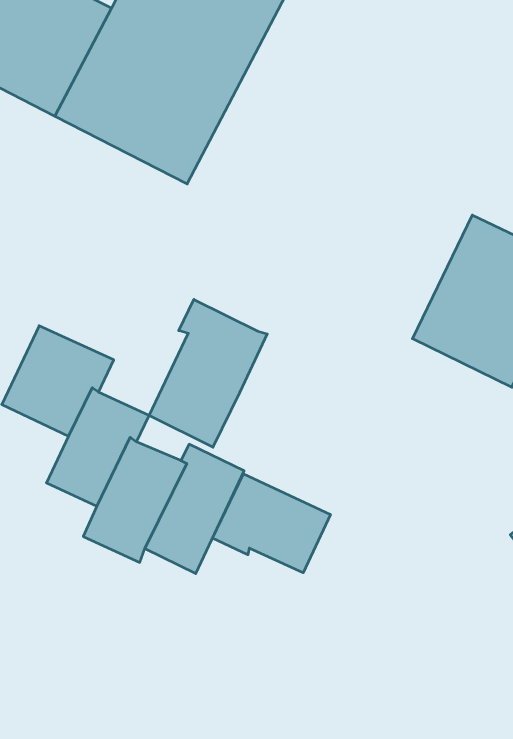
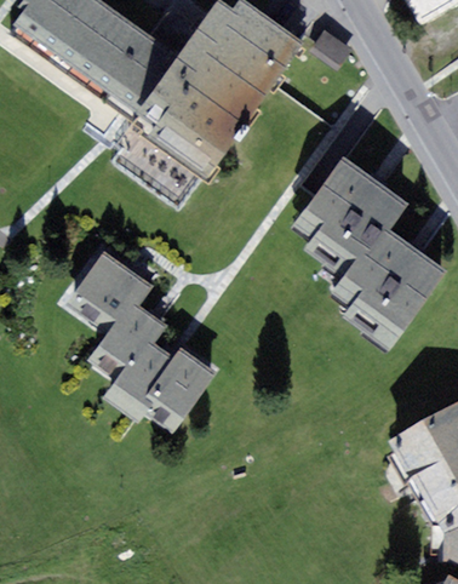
building: none -> [291,160,402,268]
building: [149,299,267,447] -> none
building: [212,474,330,573] -> none

